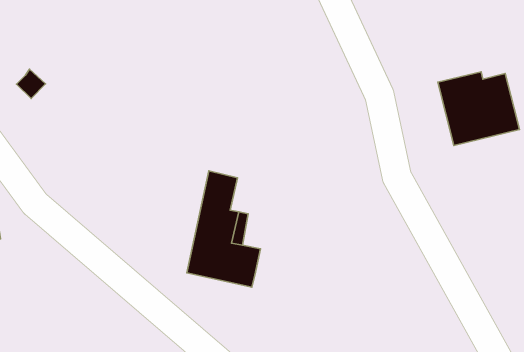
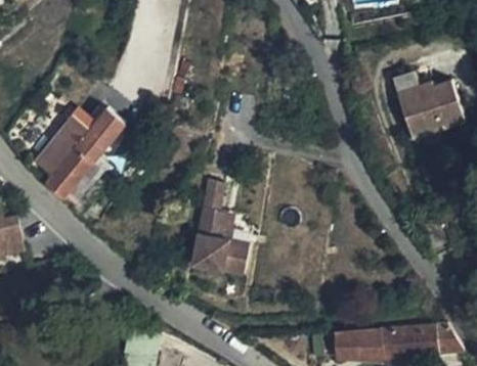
building: none -> [35,108,125,190]

